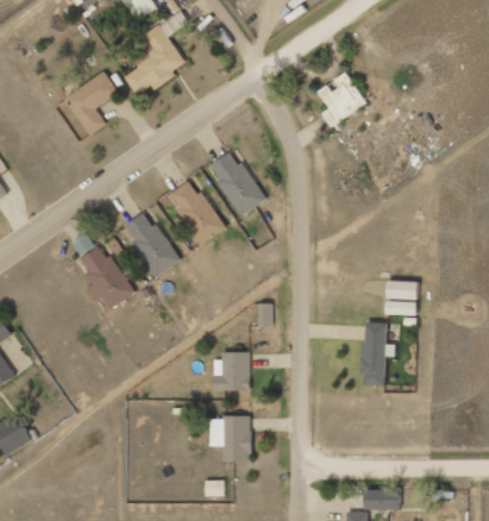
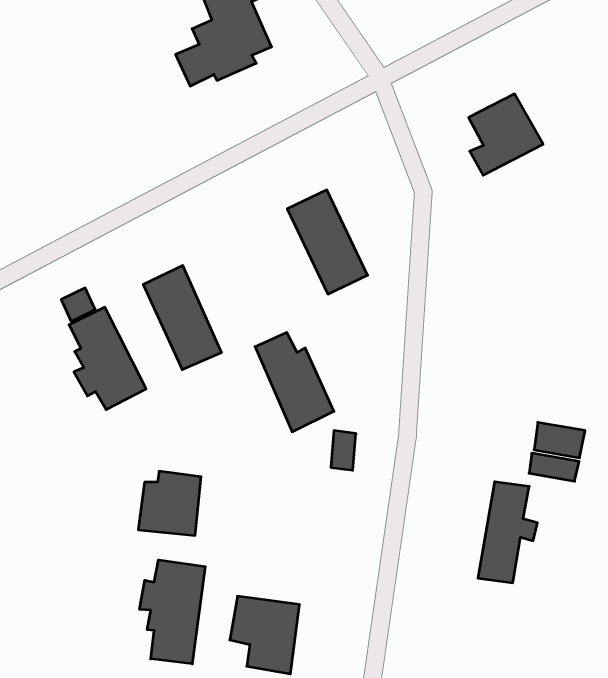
building: [64,71,118,136] -> none
building: [169,182,225,245] -> [255,332,334,432]
building: [213,352,250,391] -> [138,471,201,535]
building: none -> [140,560,205,664]

